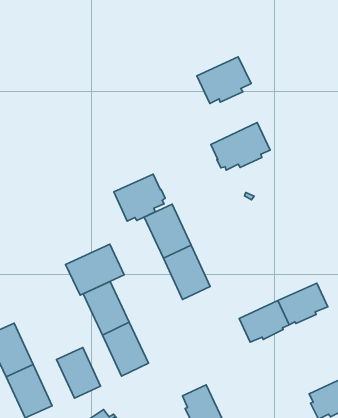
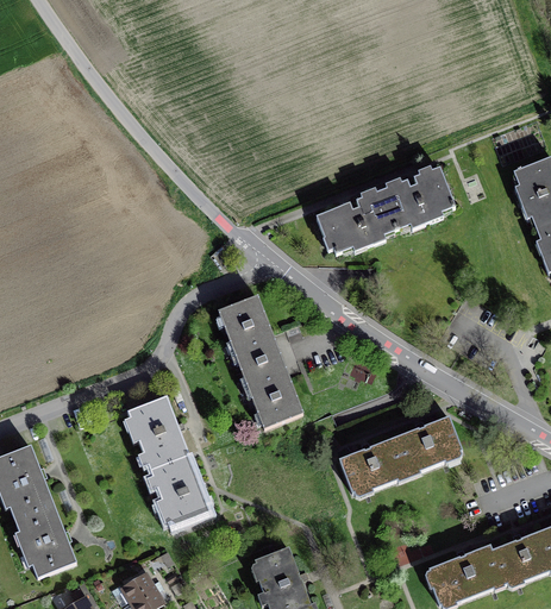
building: [197,57,251,104] -> [380,168,453,230]
building: [114,174,165,221] -> none
building: [66,244,124,295] -> none
building: [57,348,101,398] -> none

